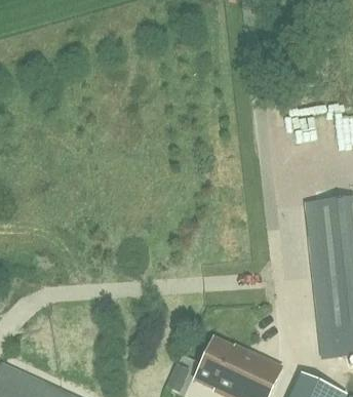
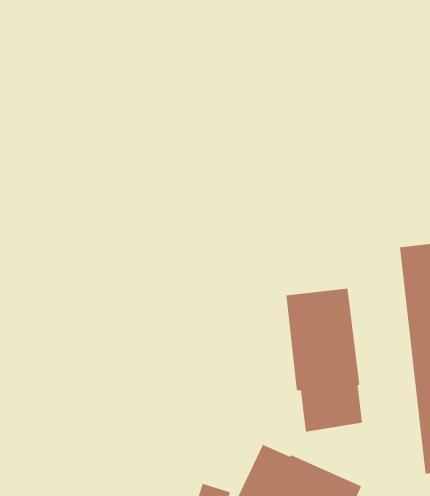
building: none -> [286,288,363,433]

